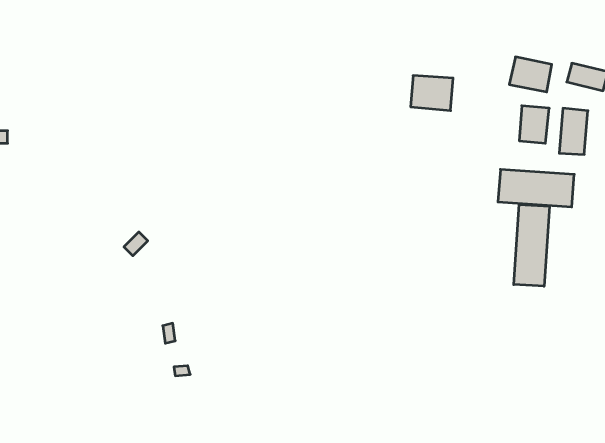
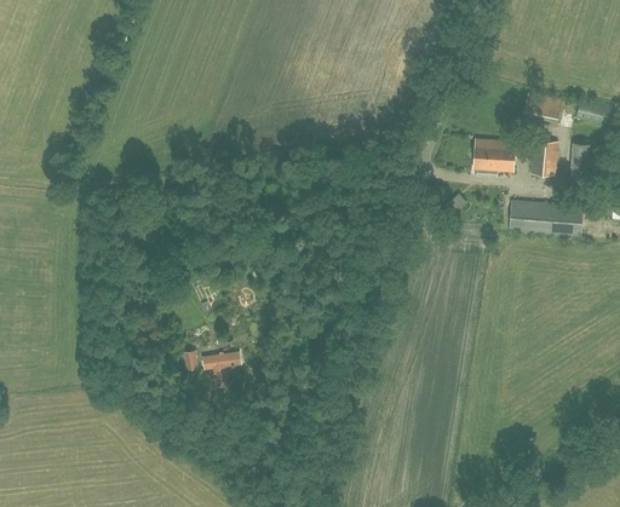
building: [411,76,453,111] -> [472,138,513,172]
building: [514,205,549,286] -> none
building: none -> [201,351,240,386]

